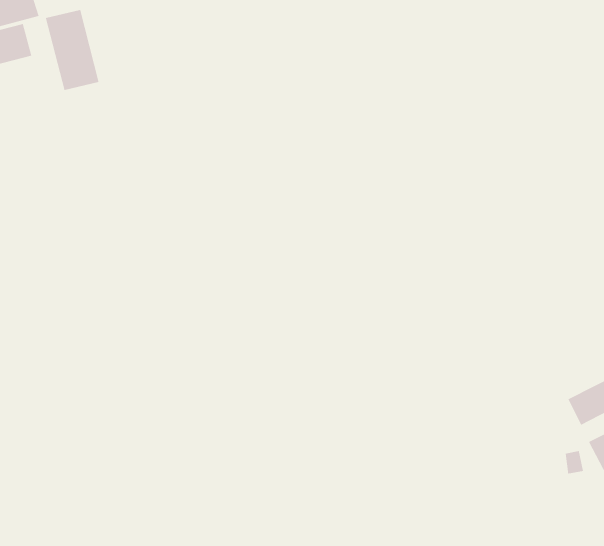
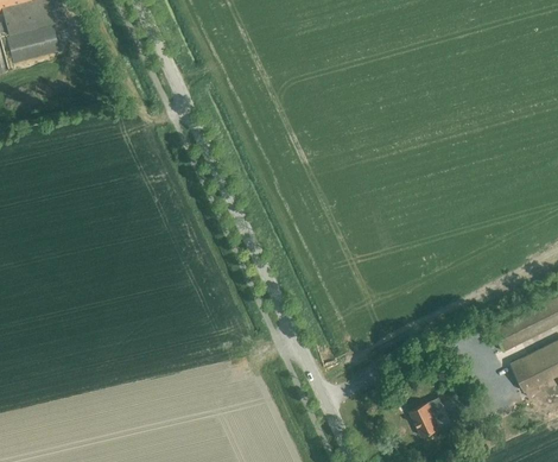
building: [45,9,99,91] -> none
building: none -> [408,398,443,437]

